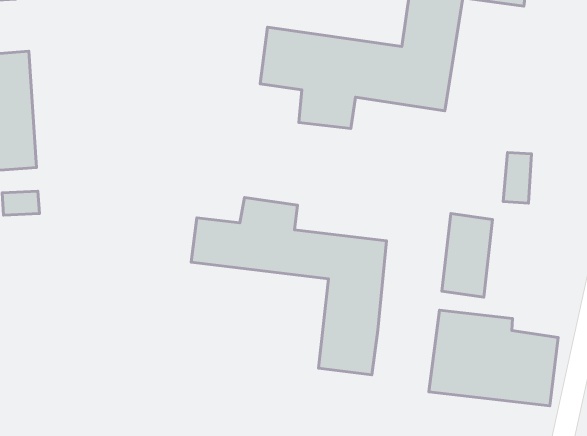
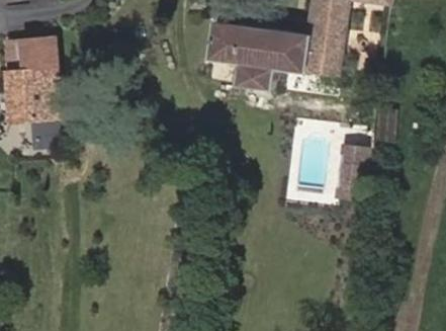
building: [191,198,386,375] -> none
building: [429,310,558,406] -> none

